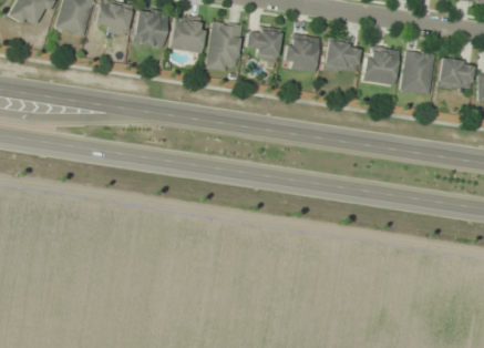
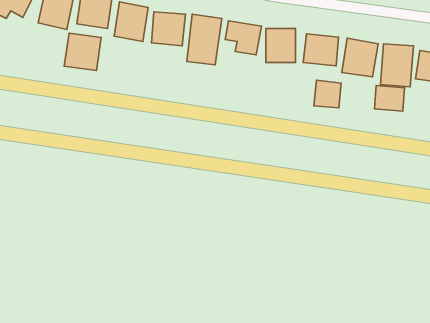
building: none -> [64,33,101,71]
building: none -> [314,80,341,108]
building: none -> [375,85,405,111]

